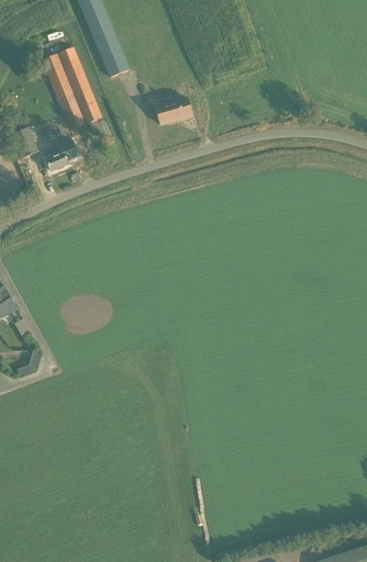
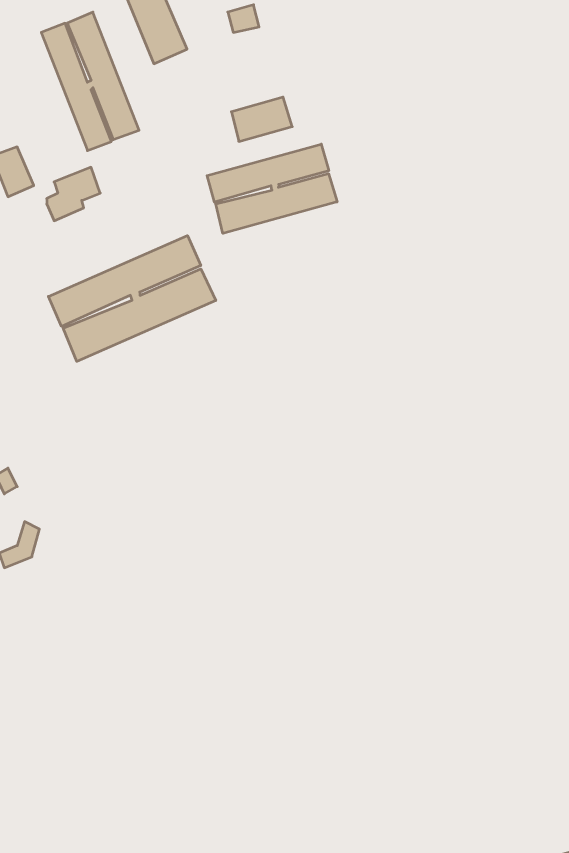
building: none -> [207,144,337,233]
building: none -> [48,236,216,361]

